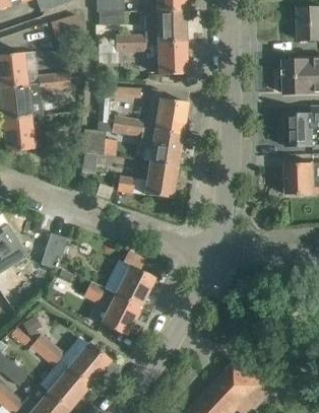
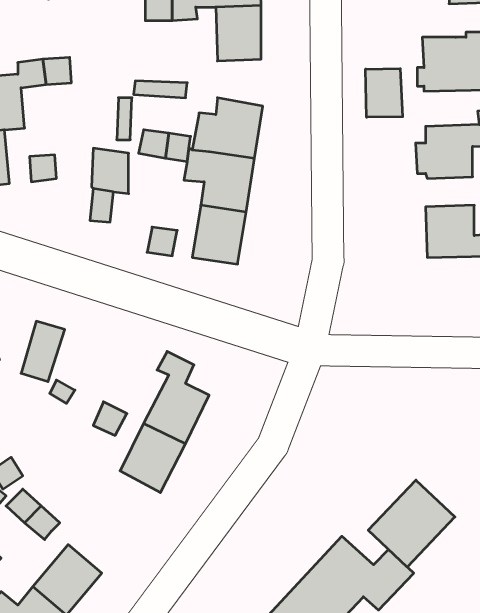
building: none -> [366,69,403,117]
building: none -> [368,480,455,567]
building: [69,342,111,385] -> none

